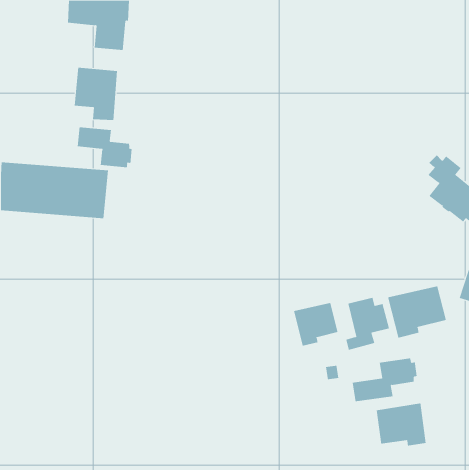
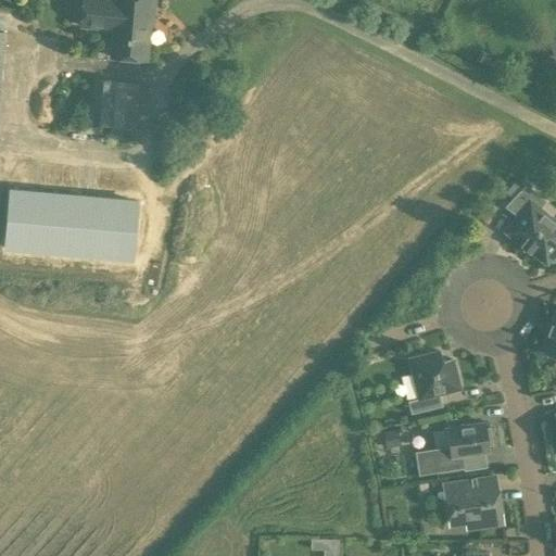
building: [77,127,132,168] -> none
building: [388,286,446,338] -> none
building: [293,302,338,347] -> none

